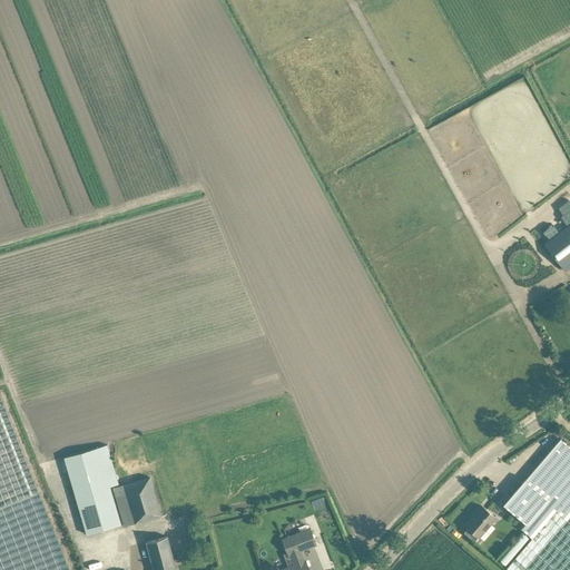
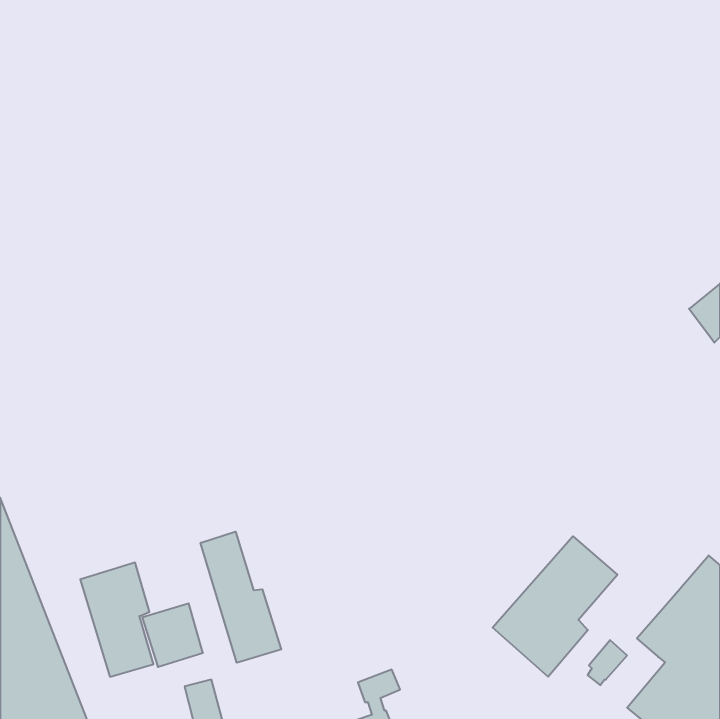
building: none -> [201,532,281,663]
building: none -> [493,536,617,677]

